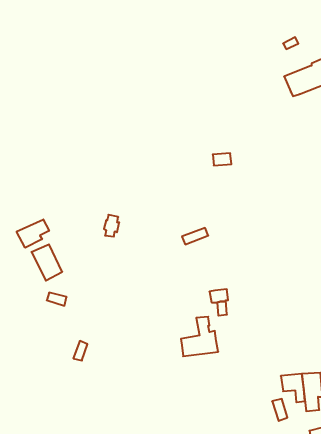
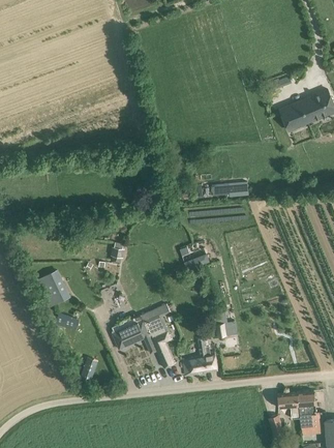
building: [17,219,49,248] -> none
building: none -> [112,303,176,367]

